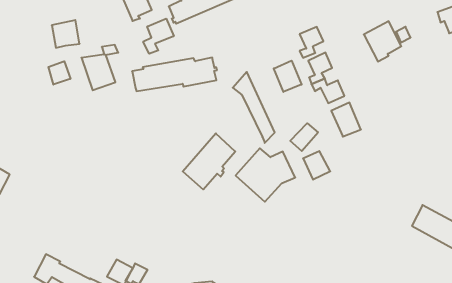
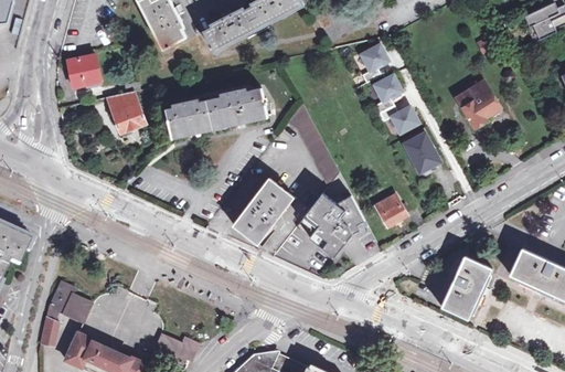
building: [143,19,174,54] -> none
building: [364,21,401,62] -> [456,79,501,128]
building: [274,61,302,92] -> none
building: [48,61,70,85] -> none
building: [290,123,318,151] -> none
building: none -> [438,252,488,315]
building: none -> [40,281,92,348]

